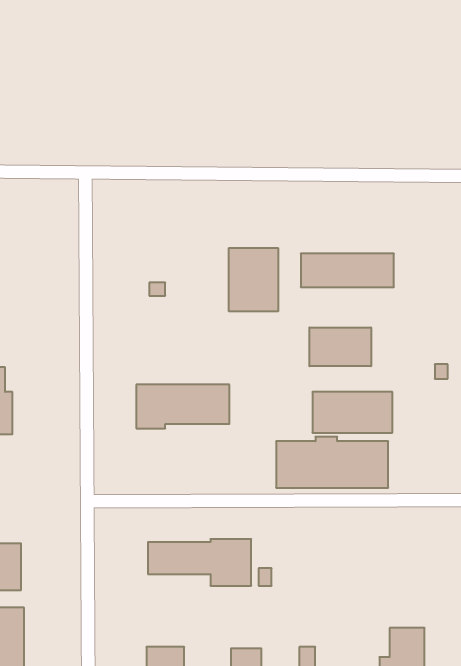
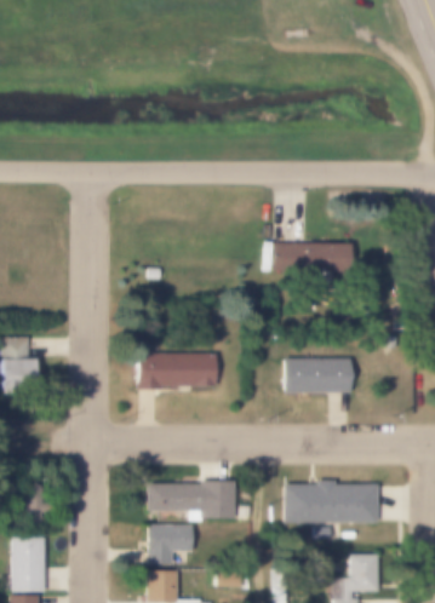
building: [229,248,278,311] -> none
building: [309,327,371,366] -> none
building: [276,437,388,488] -> [284,481,377,523]
building: none -> [147,524,191,567]

